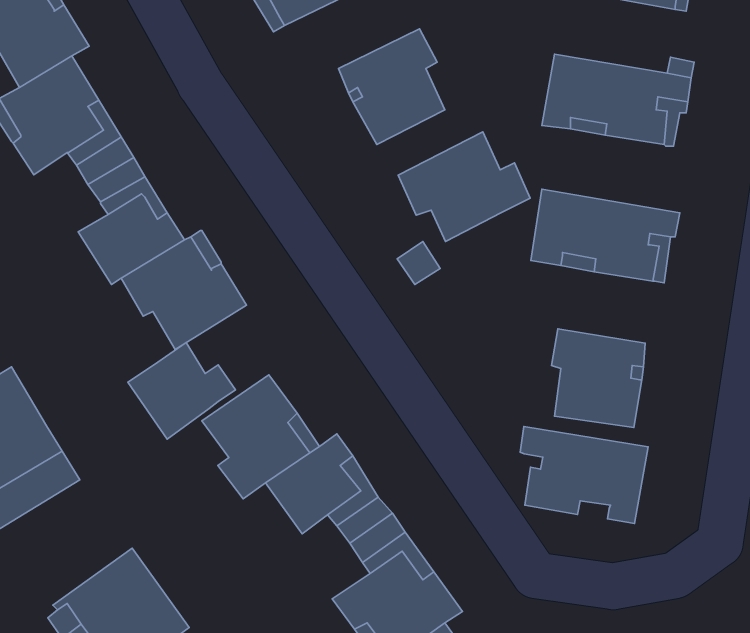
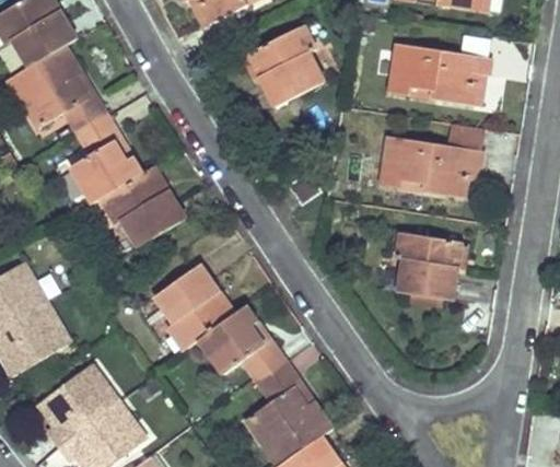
building: [398,132,530,241] -> none
building: [128,343,235,439] -> none
building: [520,426,648,524] -> none
building: none -> [37,364,106,422]

